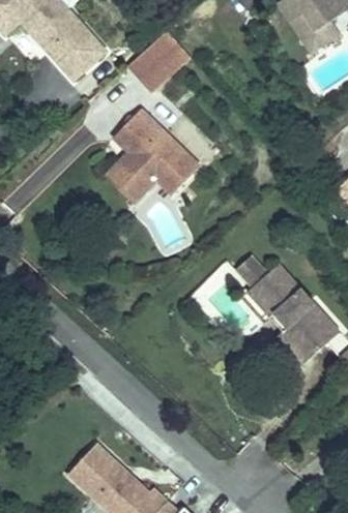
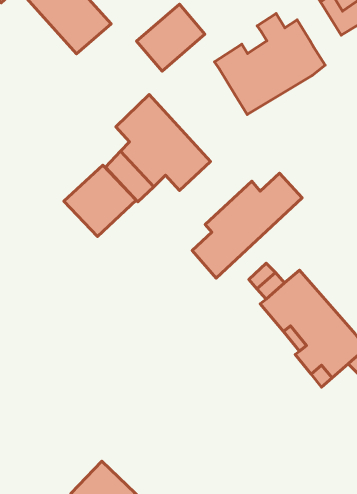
building: none -> [214,13,325,115]
building: none -> [64,165,136,236]
building: none -> [192,173,302,278]

